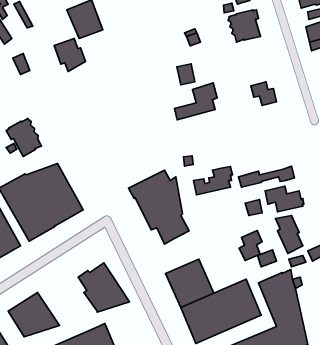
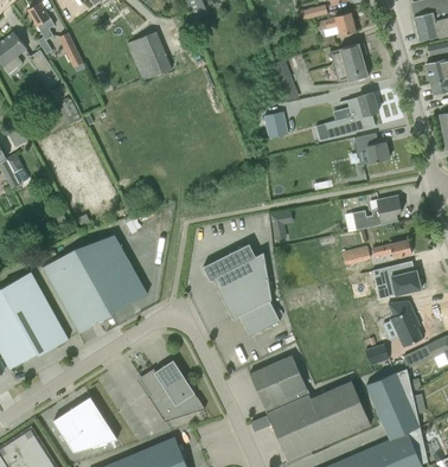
building: [54,39,86,71] -> none
building: [174,83,217,120] -> [325,92,378,139]
building: [6,119,42,156] -> none
building: [194,166,232,195] -> [352,196,401,231]
building: [239,231,262,261] -> none

